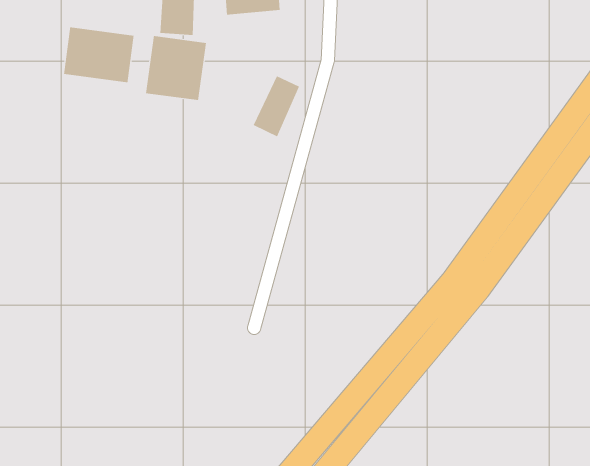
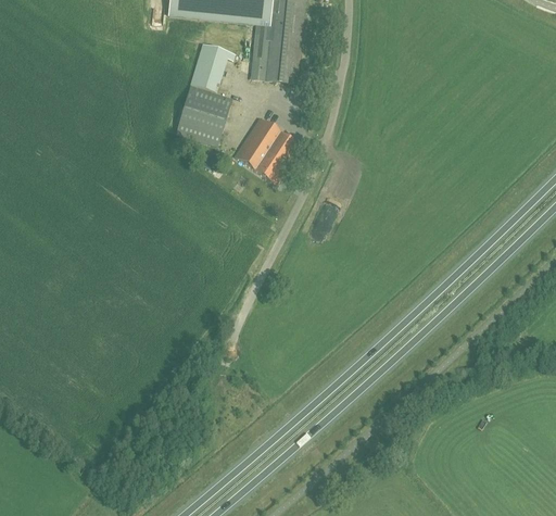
building: [63,26,134,83] -> none
building: none -> [232,113,282,167]

